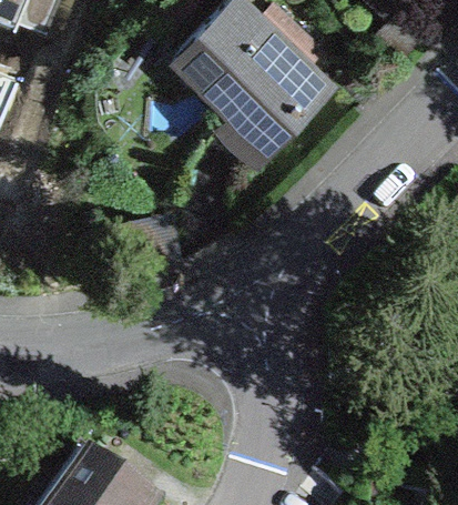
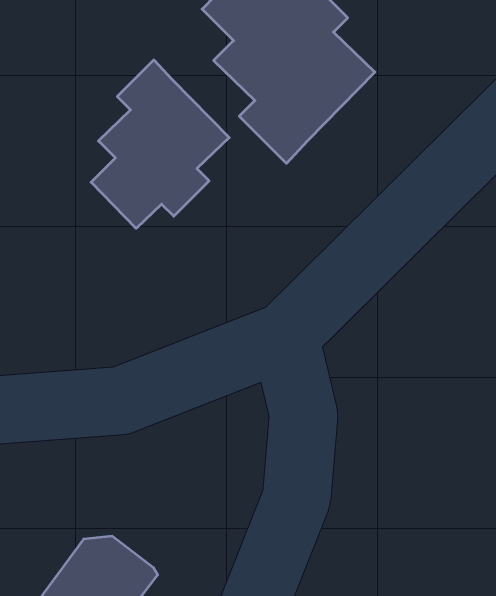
building: none -> [91,60,229,228]

